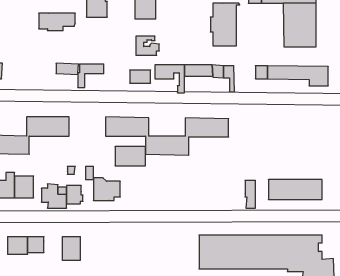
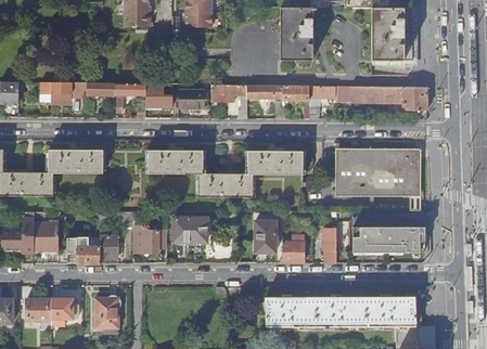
building: [39,13,75,31] -> [41,81,87,103]
building: [136,36,159,55] -> [146,82,176,106]
building: none -> [309,85,336,117]
building: none -> [336,151,418,194]
building: [115,147,145,166] -> [174,217,212,241]
building: none -> [255,220,275,251]
building: none -> [282,235,304,262]

